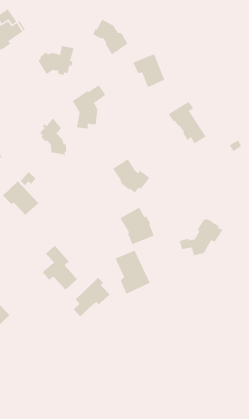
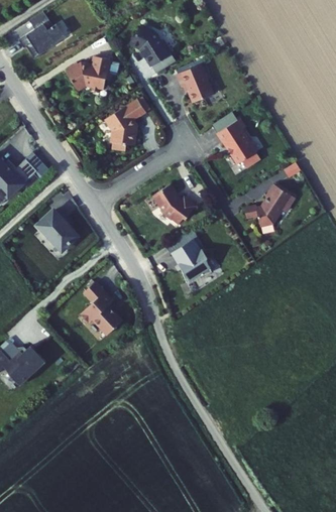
building: [39,117,67,156] -> none
building: [179,218,223,256] -> [251,181,302,225]
building: [115,250,151,294] -> none
building: [73,277,110,317] -> none

